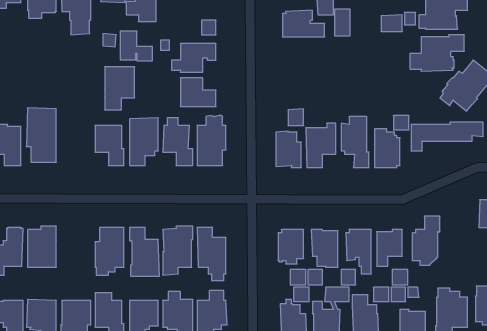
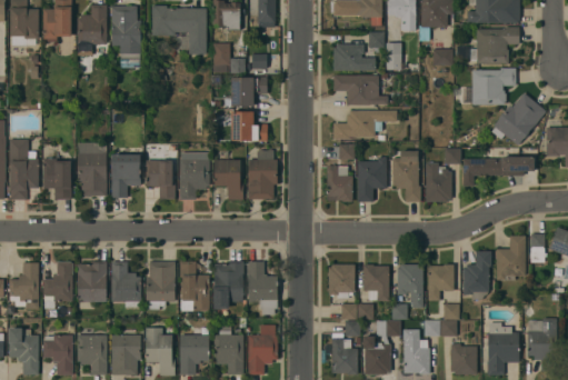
building: [120,31,152,61] -> [213,42,246,72]
building: none -> [335,74,389,104]
building: [105,67,135,110] -> [111,153,141,197]
building: none -> [333,110,397,140]
building: none -> [496,236,526,279]
building: none -> [111,261,141,307]

